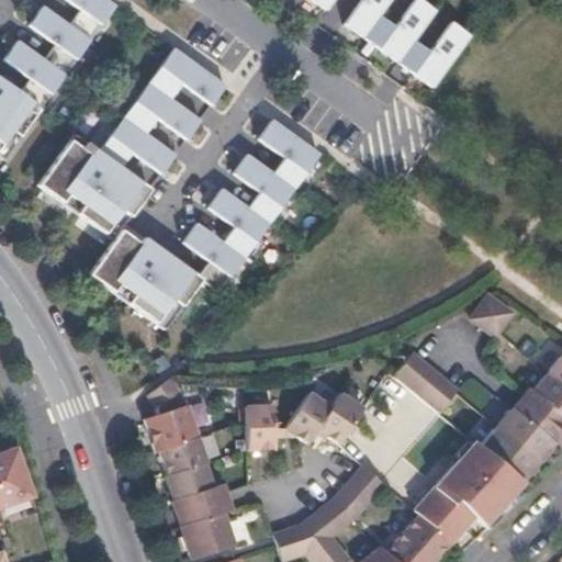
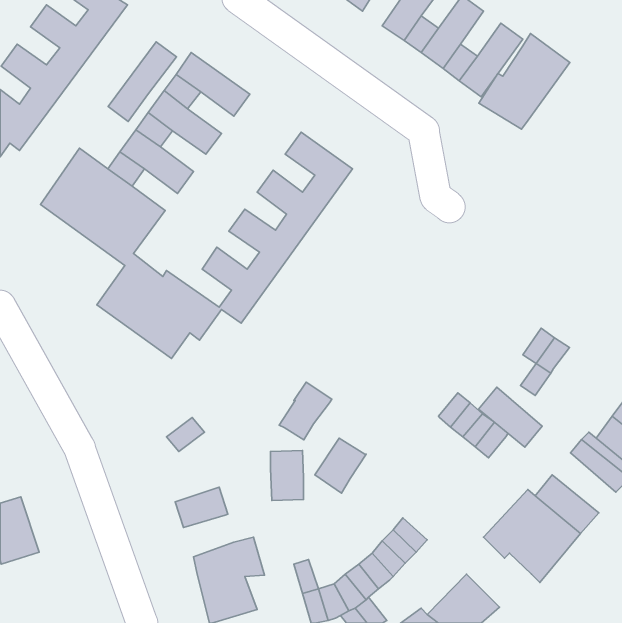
building: none -> [479,34,570,129]
building: none -> [108,42,176,122]
building: [317,391,364,442] -> [279,382,332,440]
building: [144,402,200,451] -> none
building: [498,406,555,460] -> [478,387,542,447]
building: [165,462,213,499] -> none
building: [413,482,480,544] -> none

